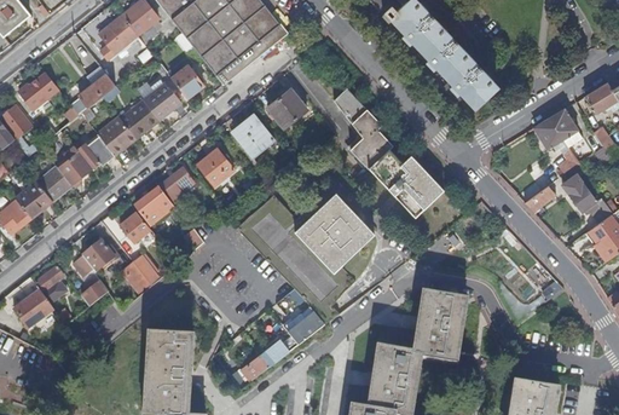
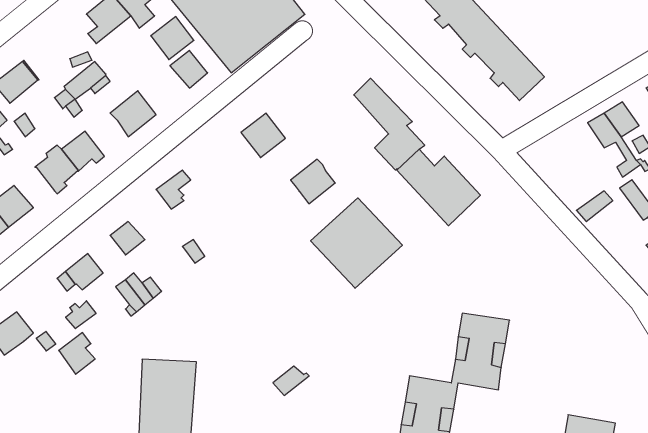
building: [144,82,181,120] -> [151,17,194,60]
building: [266,91,305,129] -> [291,159,335,204]
building: [98,116,137,156] -> none
building: [196,149,233,186] -> none
building: [36,166,71,201] -> none
building: [134,186,173,224] -> none
building: [35,267,66,304] -> [59,333,95,374]
building: [284,305,325,342] -> none
building: [231,353,271,387] -> none

